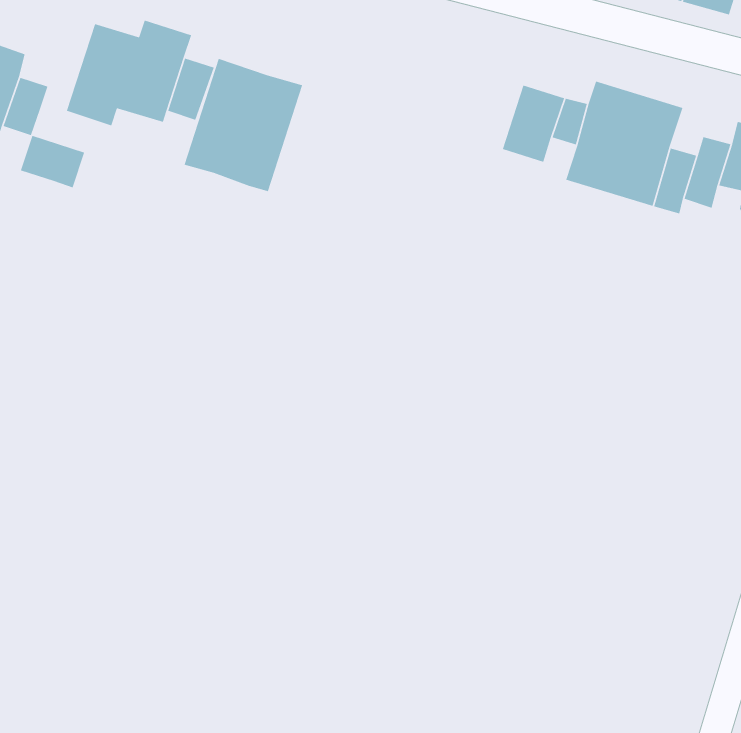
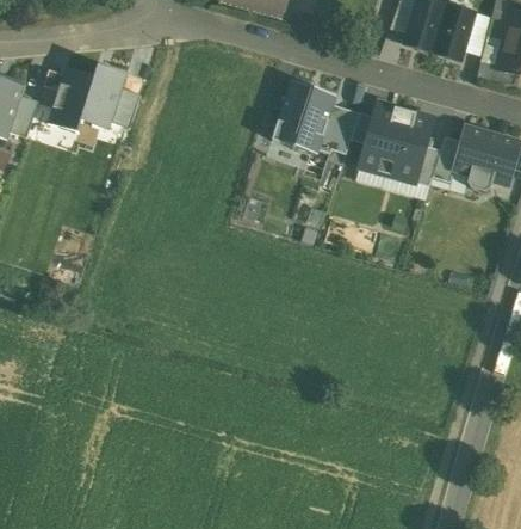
building: none -> [272,80,335,153]
building: [183,58,303,192] -> none
building: [20,135,85,188] -> none

